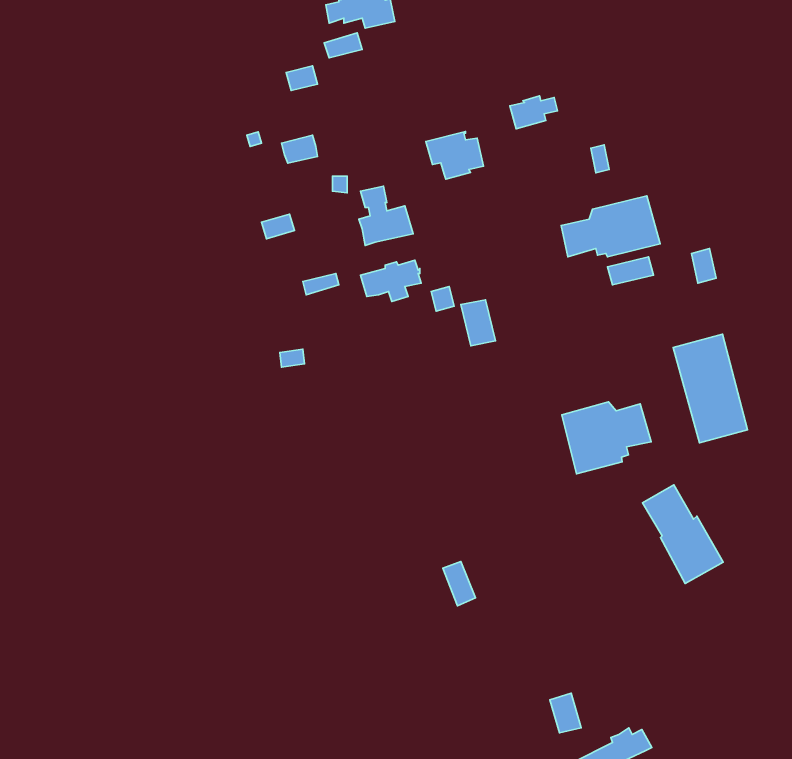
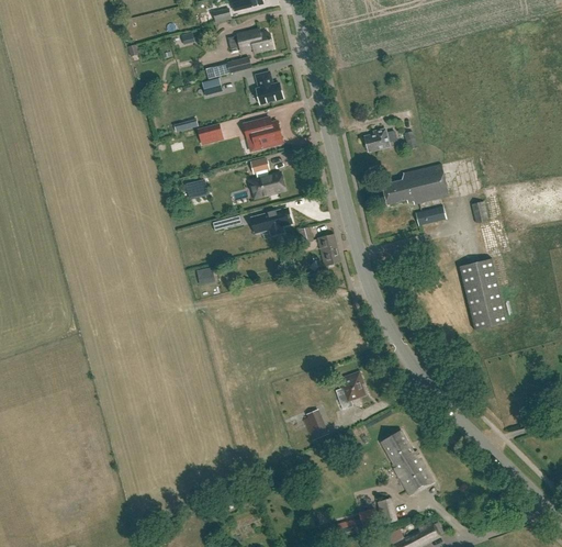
building: none -> [255,71,282,103]
building: [510,96,557,129] -> [366,130,397,152]
building: [426,131,484,179] -> [243,116,281,148]
building: [562,402,651,474] -> none
building: [642,485,723,584] -> [380,429,434,495]
building: none -> [335,371,364,409]

